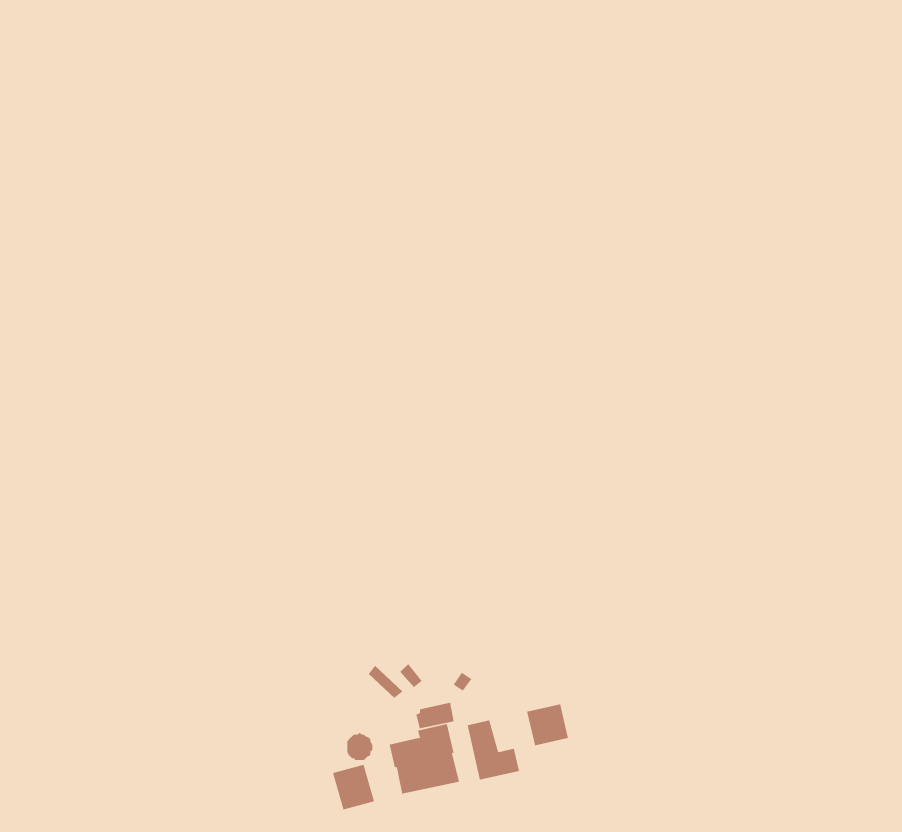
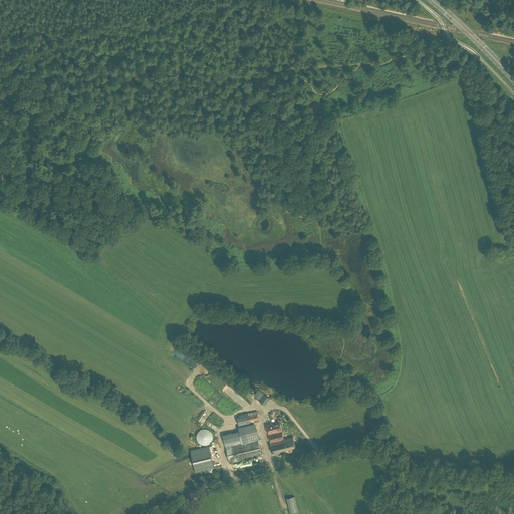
building: [527,704,569,746] -> none

